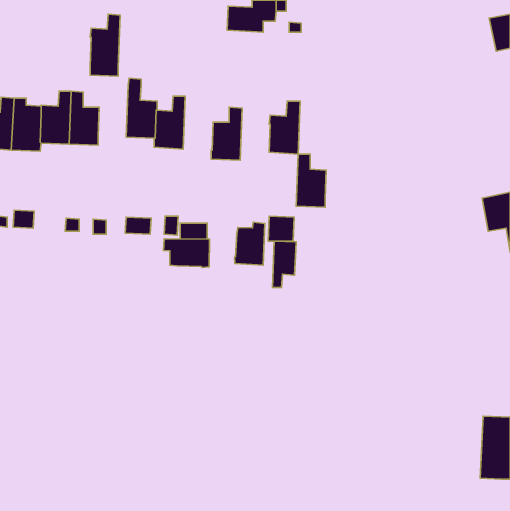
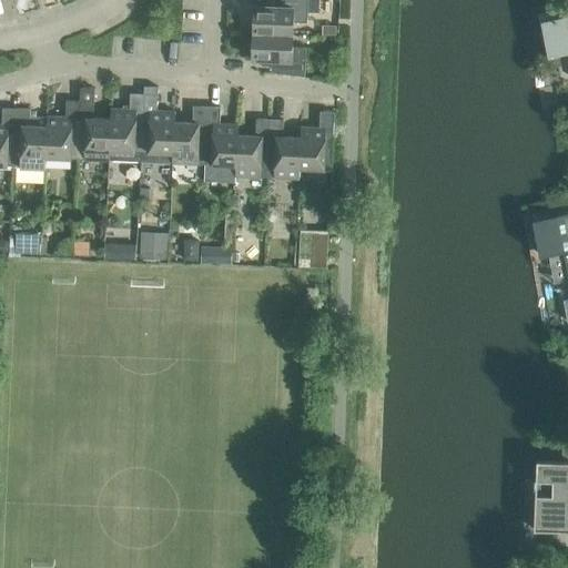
building: [90,14,120,76] -> [109,93,142,162]
building: none -> [251,33,304,77]
building: none -> [203,106,237,166]
building: [296,154,326,207] -> [266,120,300,179]
building: [234,222,265,265] -> none
building: [164,239,210,267] -> none
building: [272,241,296,288] -> none

